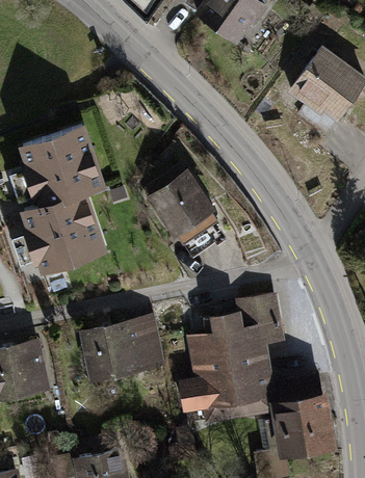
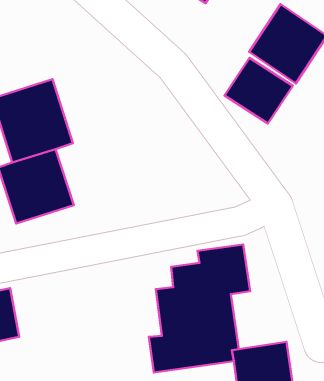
building: none -> [225,58,293,123]
building: [141,171,212,242] -> none
building: [79,317,162,380] -> none

